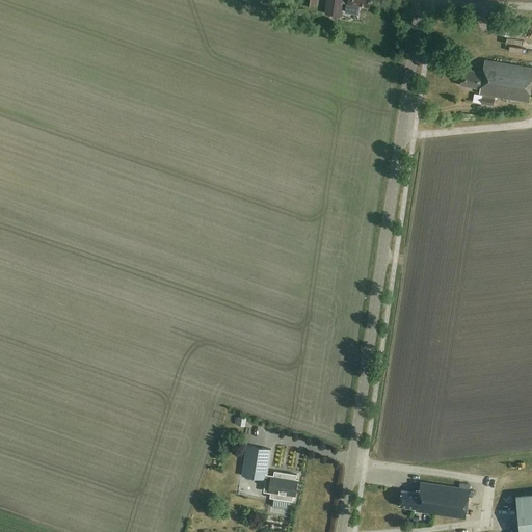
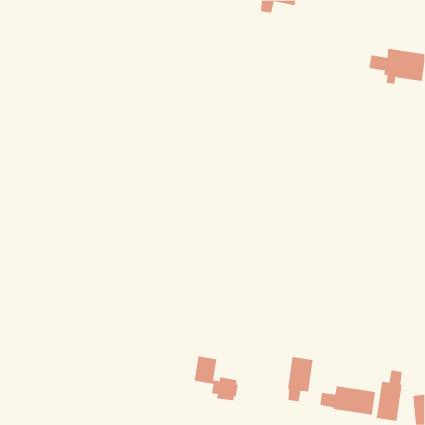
building: none -> [287,356,313,402]
building: none -> [376,370,402,421]

